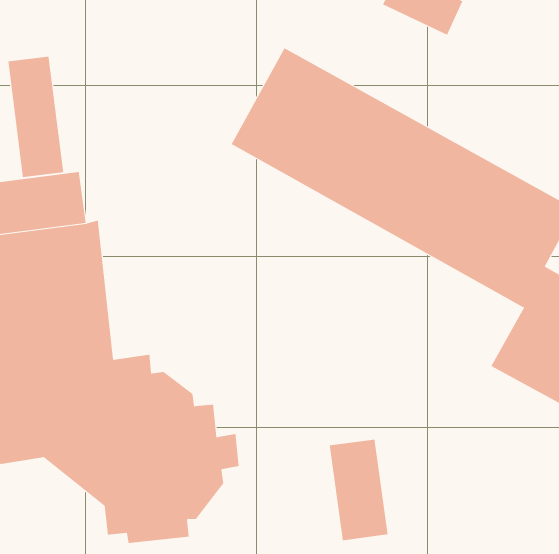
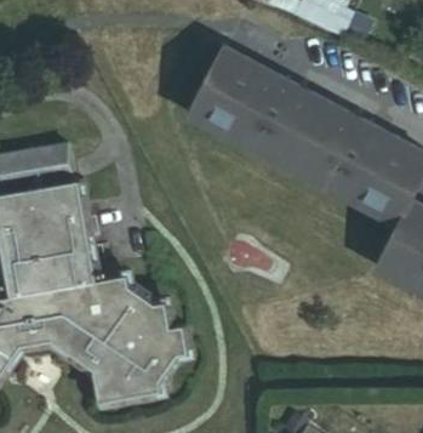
building: [8,56,64,178] -> none
building: [329,439,388,541] -> none

